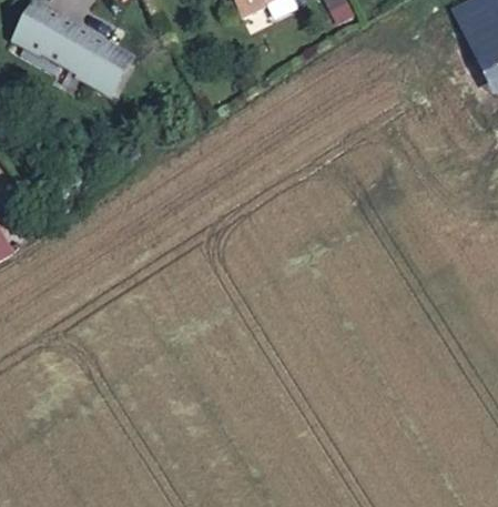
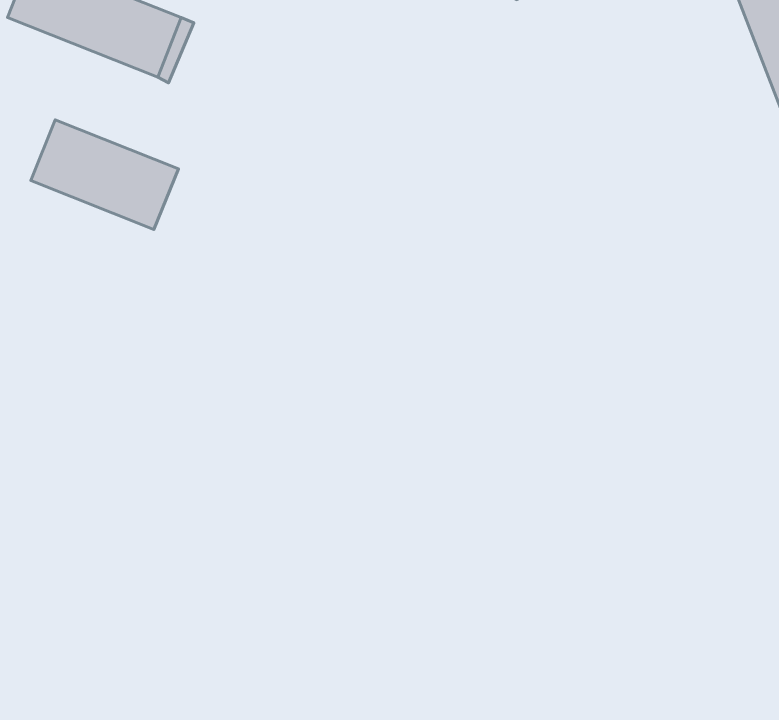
building: none -> [31,120,178,230]

